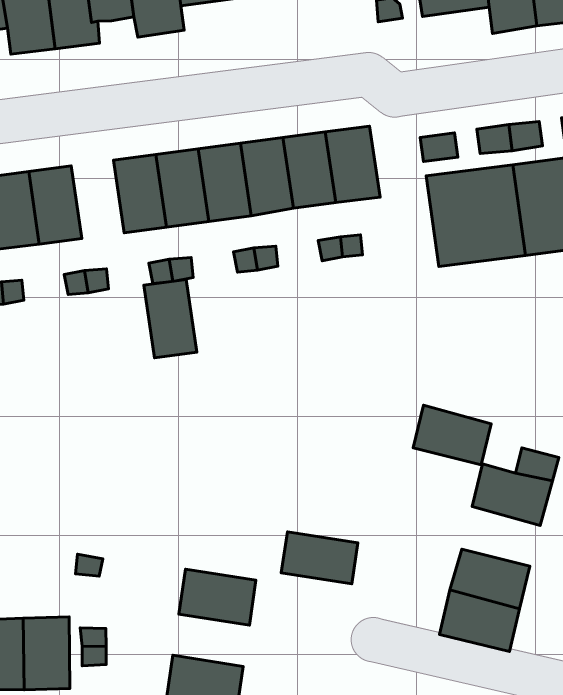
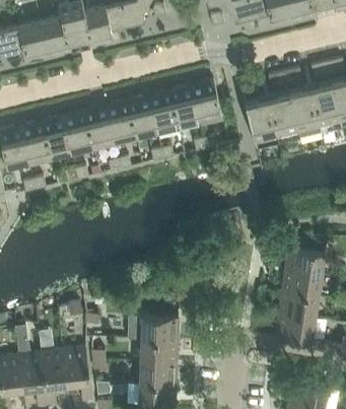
building: [144,280,197,358] -> [63,111,93,152]
building: [413,405,491,465] -> [282,269,321,296]
building: [281,532,358,584] -> [140,339,178,362]

